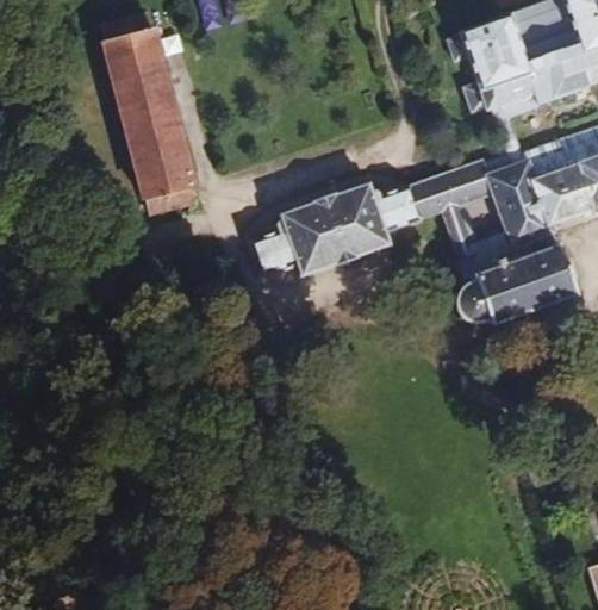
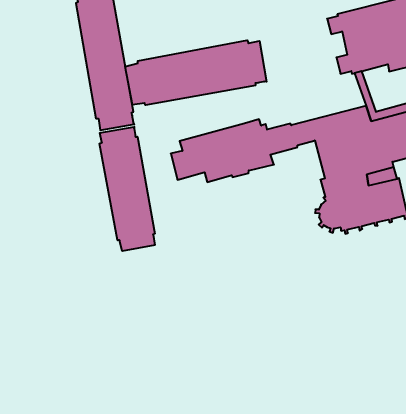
building: none -> [125,40,267,105]
building: none -> [99,127,155,251]

